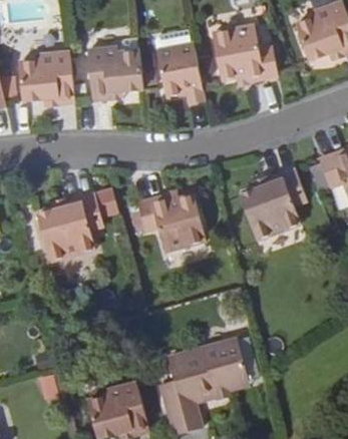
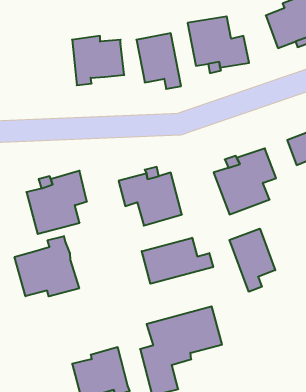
building: [19,51,74,102] -> none
building: none -> [229,229,275,292]
building: none -> [15,236,79,296]
building: none -> [142,238,213,284]

